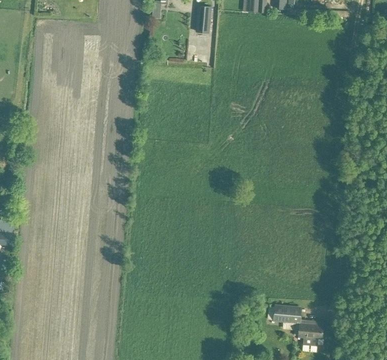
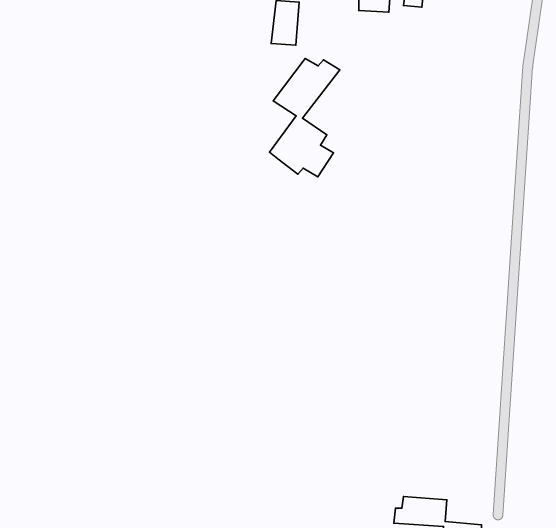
building: none -> [270,58,340,177]

